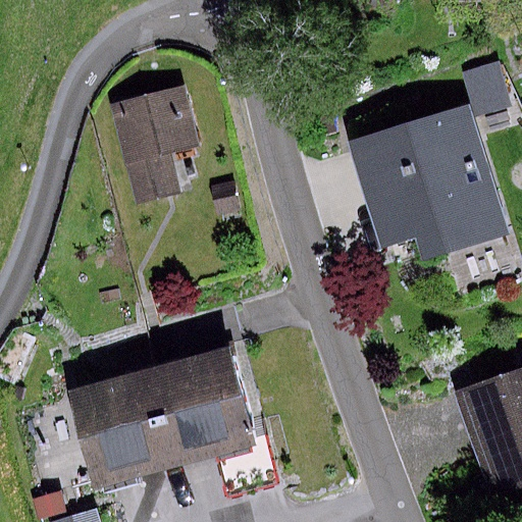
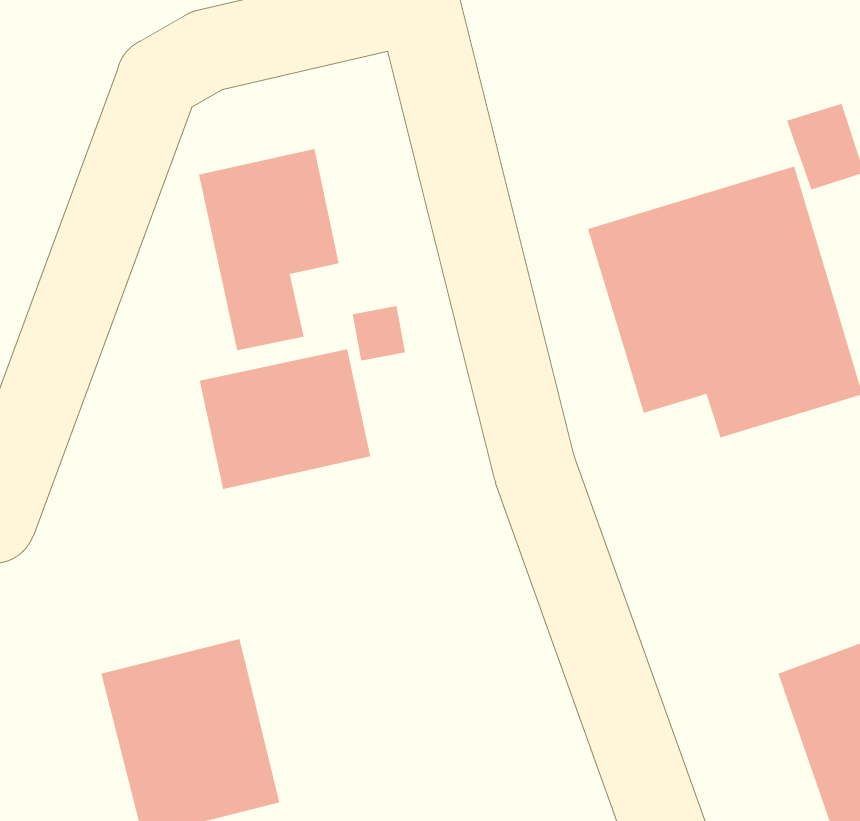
building: none -> [199,348,371,490]
building: [144,354,249,470] -> none

